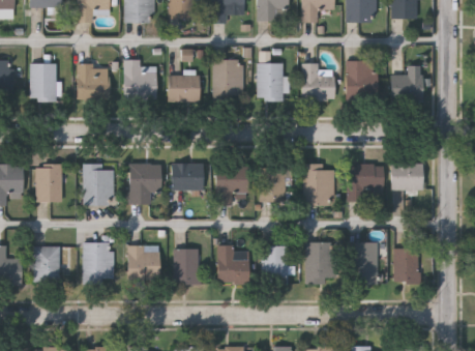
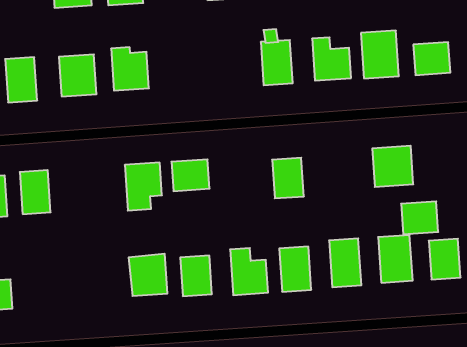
building: [212,59,243,96] -> none
building: [168,76,200,101] -> none
building: [84,164,114,204] -> none
building: [303,164,334,204] -> none
building: [391,164,422,191] -> [401,201,438,234]
building: [215,166,248,204] -> none
building: [84,242,113,281] -> none
building: [33,245,59,282] -> none

